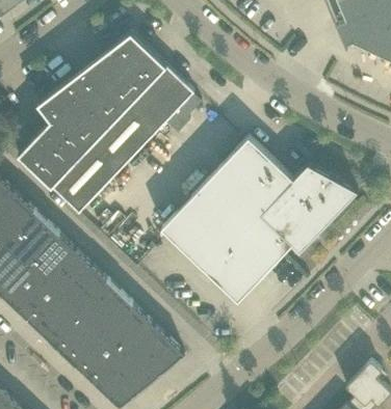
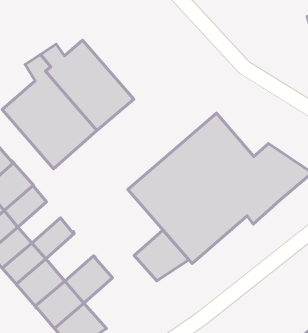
building: [96,32,193,131] -> none
building: [46,250,90,296] -> none
building: [79,281,130,333] -> none
building: [125,325,184,380] -> [134,230,189,281]

